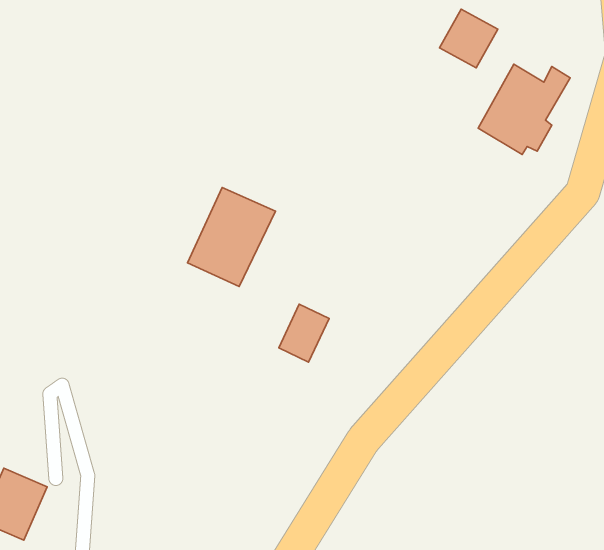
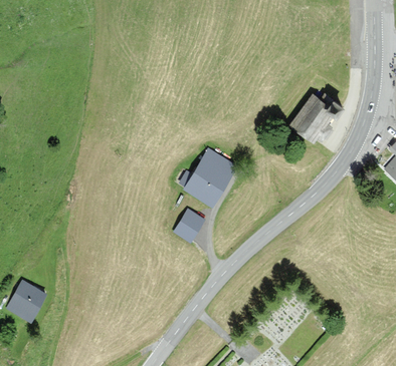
building: [440,9,498,68] -> none
building: [188,188,276,286] -> [185,150,234,204]

